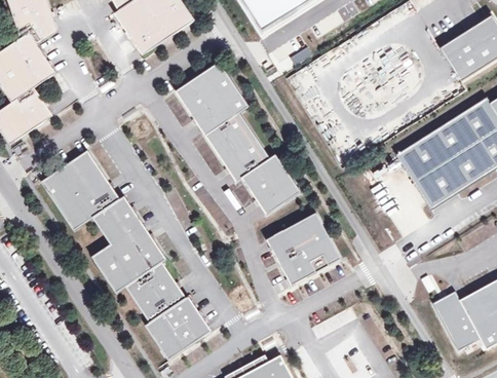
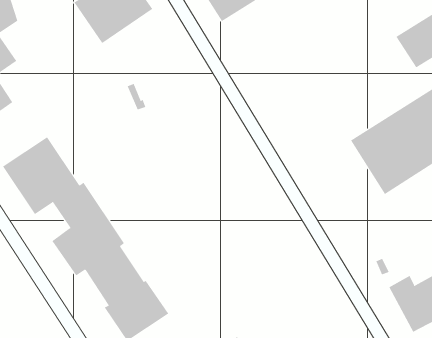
building: [176,62,301,215] -> none
building: [266,213,342,286] -> none

